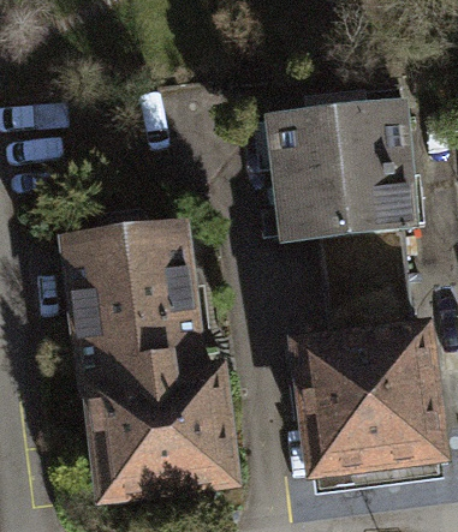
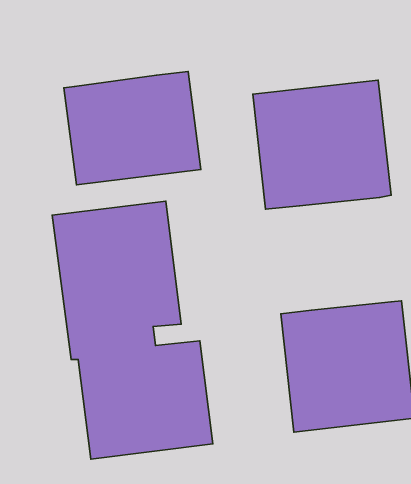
building: none -> [64,71,201,185]
building: [320,223,414,339] -> none

